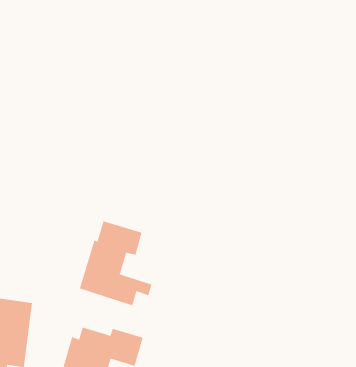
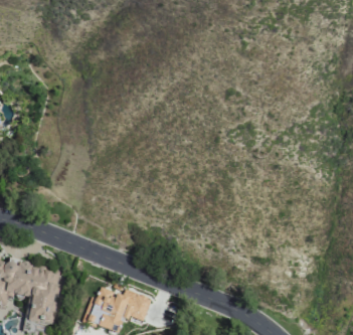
building: [79,221,152,306] -> none

